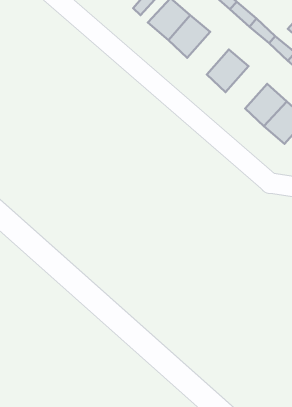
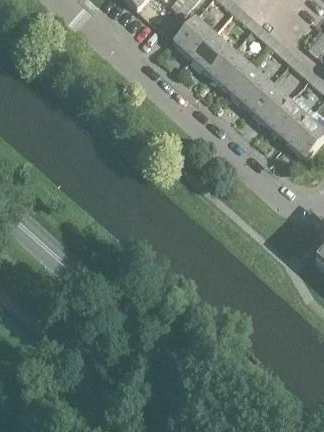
building: none -> [210,49,250,90]
building: none -> [247,82,287,123]

